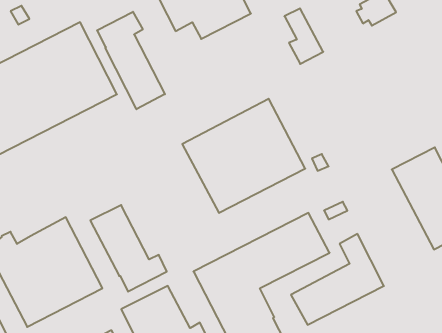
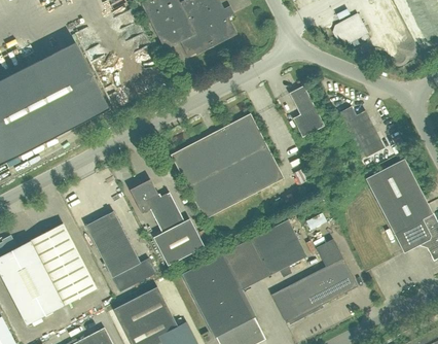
building: [284,8,323,64] -> [288,85,324,137]
building: [97,12,165,109] -> none
building: none -> [341,106,384,157]
building: none -> [129,182,204,266]

